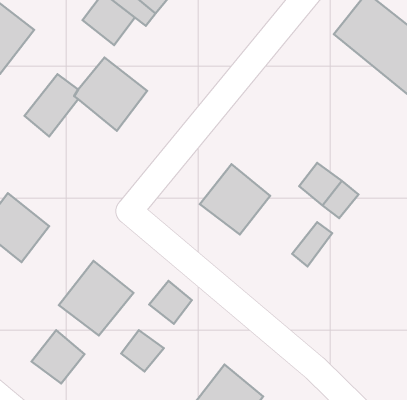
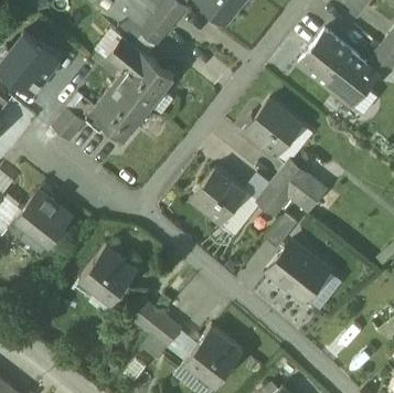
building: none -> [116,50,175,108]
building: none -> [245,98,315,159]
building: none -> [256,184,290,219]
building: none -> [267,242,341,308]
building: [149,281,192,324] -> [148,314,182,348]
building: [32,330,85,383] -> none

